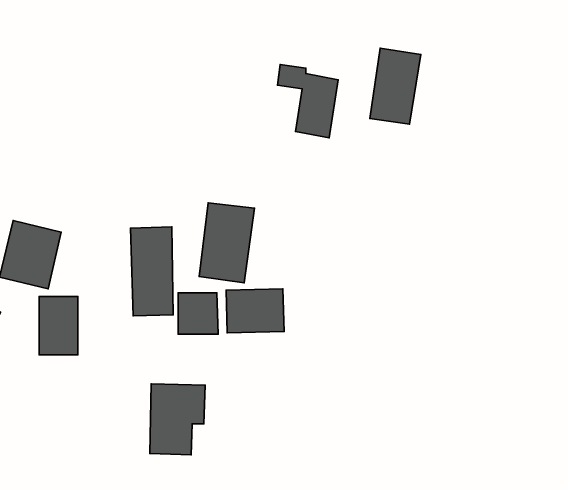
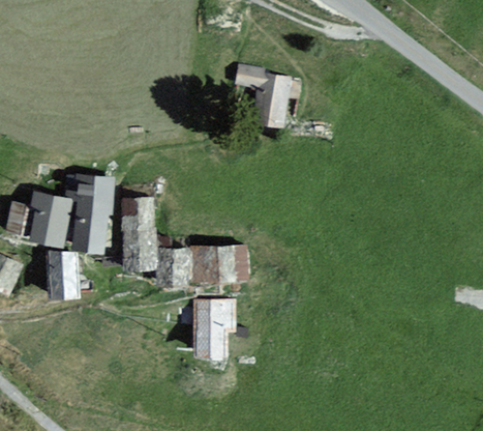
building: [370,48,421,124] -> none
building: [199,203,255,283] -> [62,185,107,250]
building: [150,384,205,455] -> [188,299,233,356]

